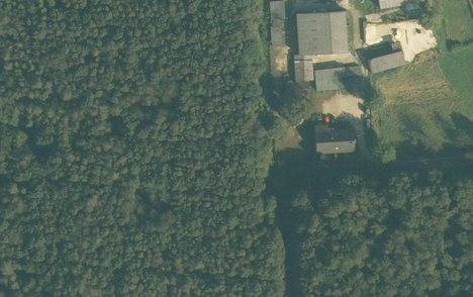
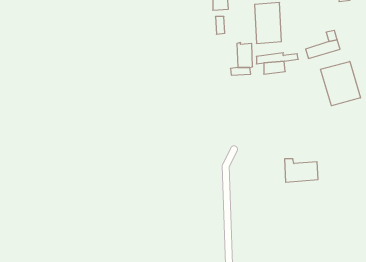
building: [297,13,316,57] -> none
building: none -> [321,61,360,106]
building: [316,129,353,155] -> [285,159,318,182]

